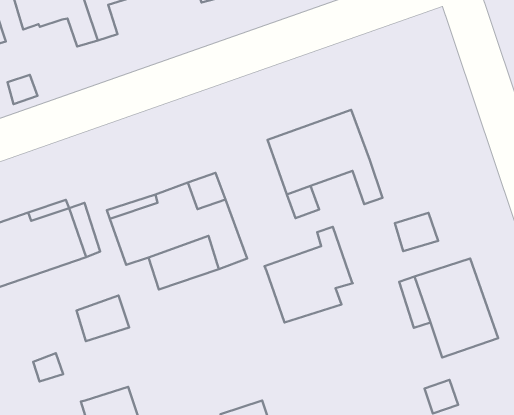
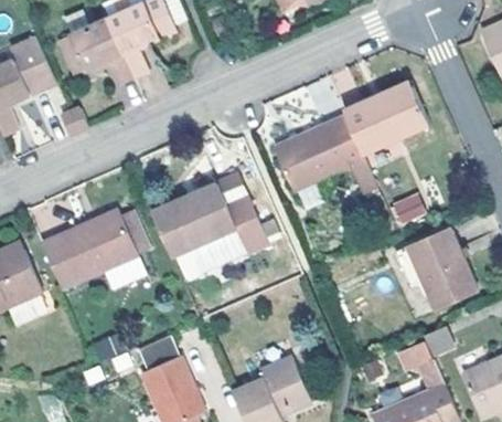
building: none -> [341,78,428,152]
building: [265,227,353,322] -> none
building: [76,295,129,341] -> [138,330,182,370]

